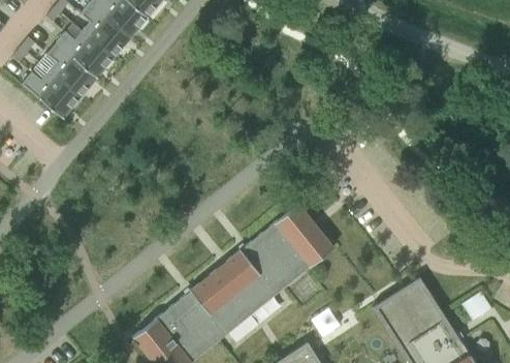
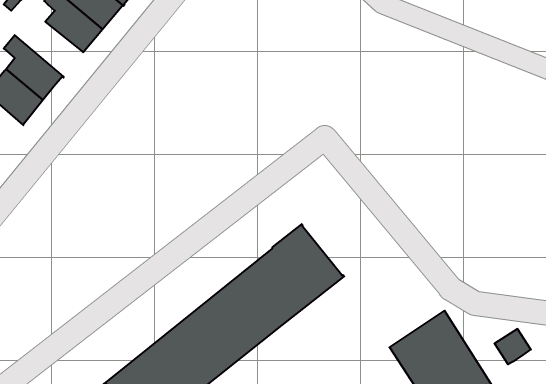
building: [56,31,114,78] -> none

